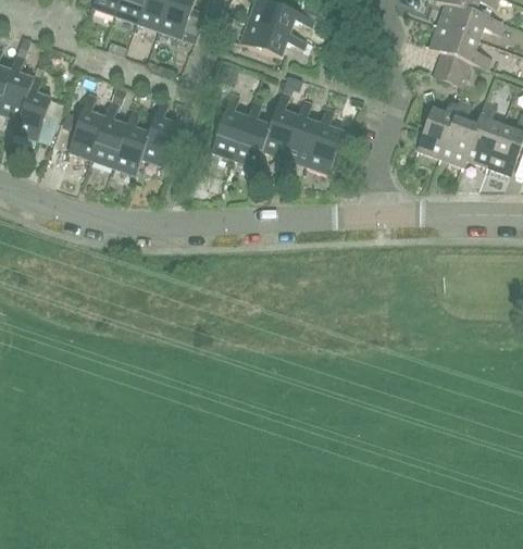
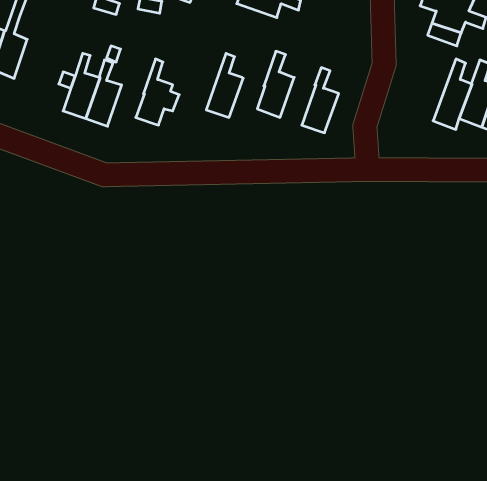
building: [14,74,59,142] -> none
building: [416,96,461,161] -> none
building: [285,100,321,165] -> none
building: [234,101,270,166] -> none
building: [112,109,149,174] -> none

